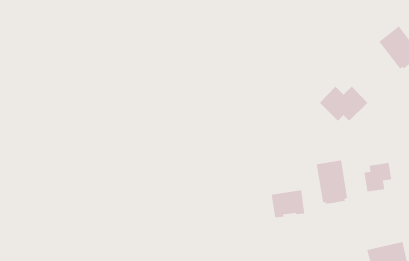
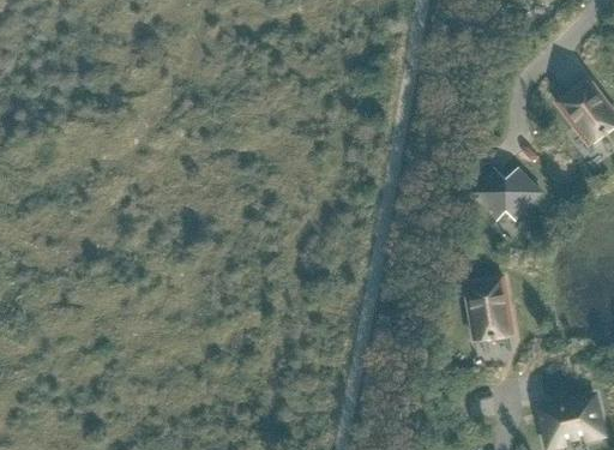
building: [364,162,392,192] -> none
building: [271,189,305,218] -> none

